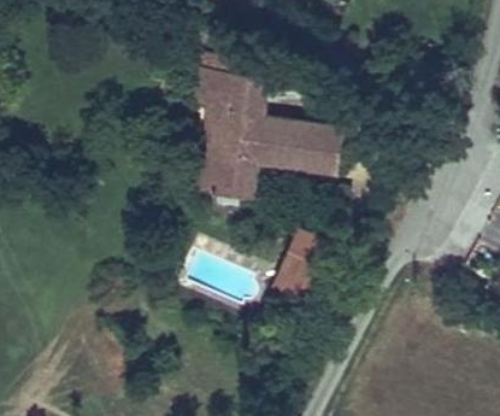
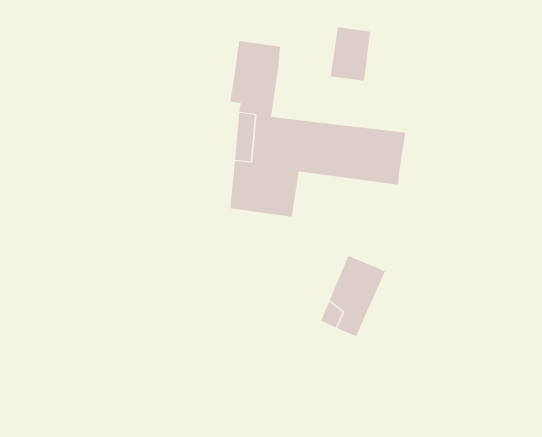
building: [231,77,265,122] -> [330,27,371,81]

